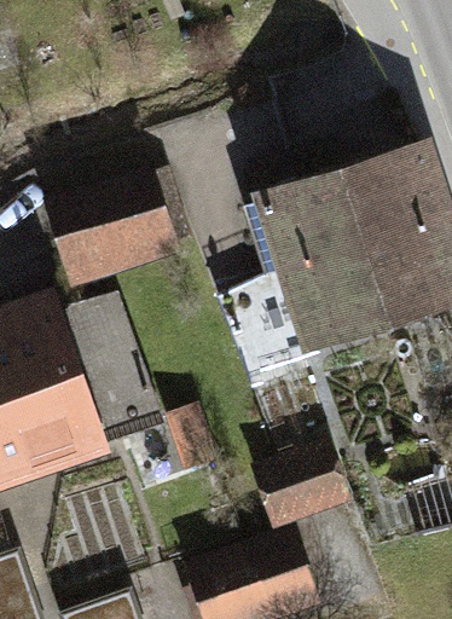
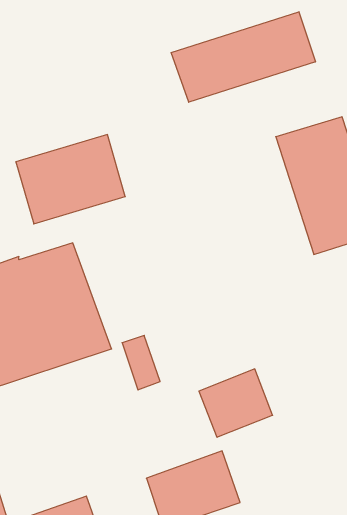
building: none -> [171,12,315,102]
building: [225,178,392,376] -> none

